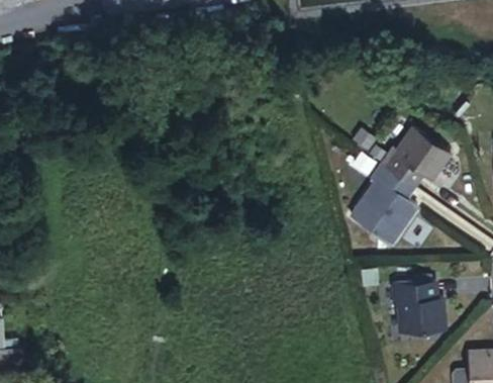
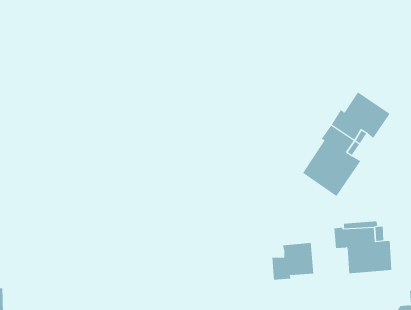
building: none -> [272,242,314,280]

